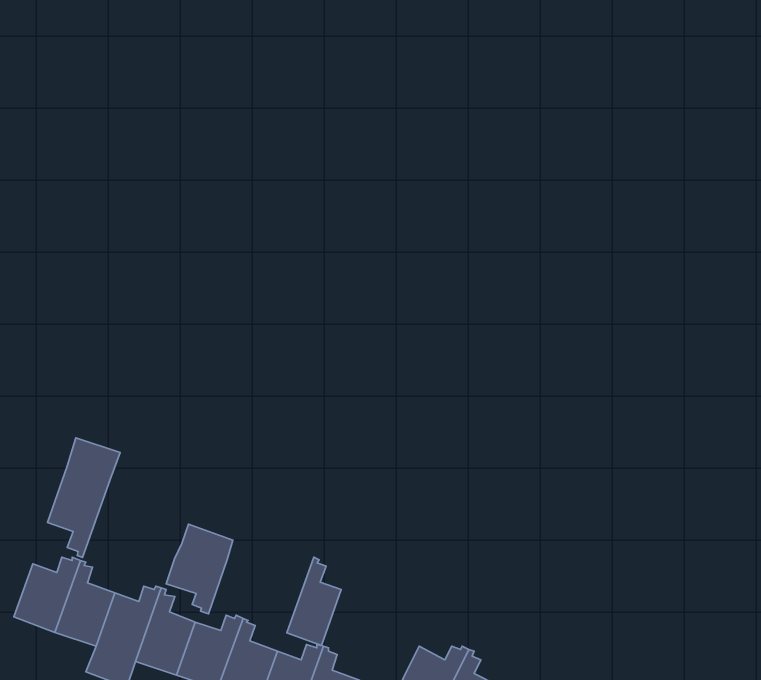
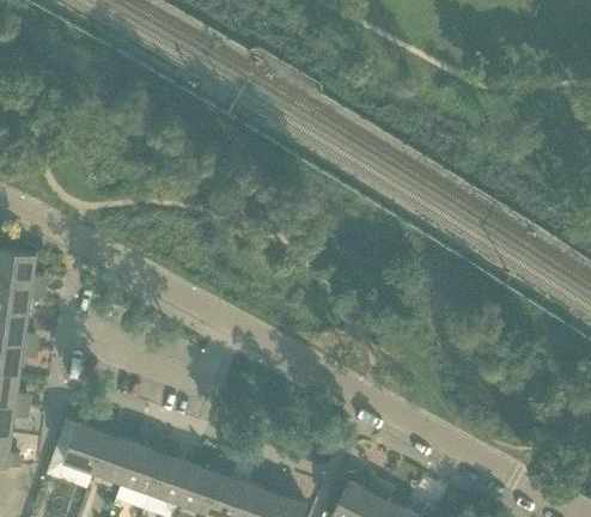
building: [48,438,120,558] -> none
building: [166,524,233,614] -> none
building: [287,557,341,646] -> none

